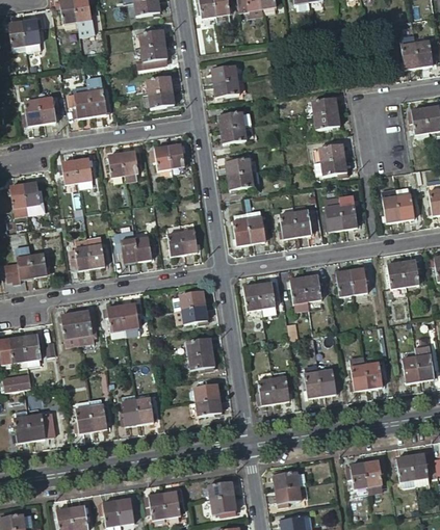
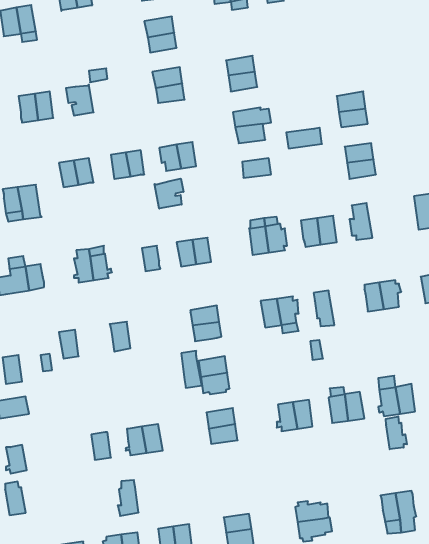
building: [87,89,109,116] -> none
building: [227,171,259,190] -> [286,128,322,148]
building: none -> [155,179,183,209]
building: [338,195,358,230] -> none
building: [114,232,138,262] -> none
building: [304,275,322,309] -> none
building: [122,303,140,337] -> [181,351,202,388]
building: [75,311,95,345] -> none
building: [24,334,42,366] -> none
building: none -> [386,416,407,449]
building: [74,401,93,433] -> [118,480,139,516]
building: [27,409,46,440] -> [5,482,26,515]

